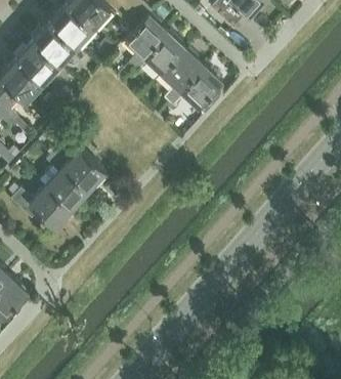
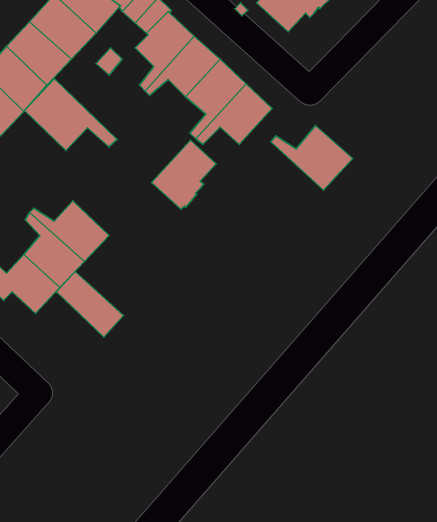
building: none -> [25,79,117,150]
building: none -> [271,126,353,190]
building: none -> [152,140,216,209]
building: none -> [56,272,124,337]

